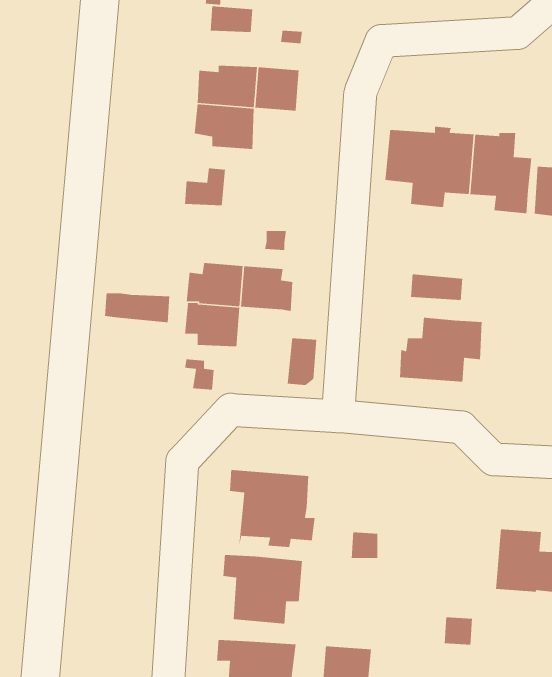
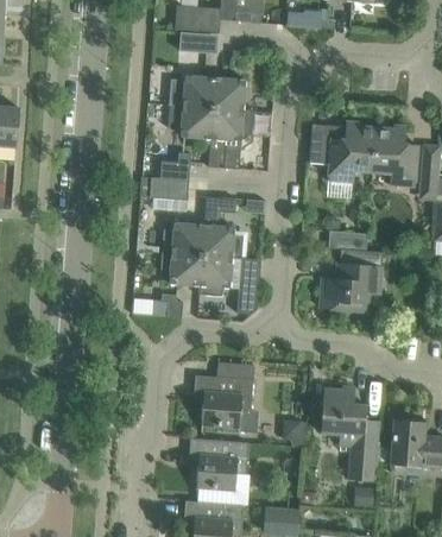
building: none -> [211,108,253,169]
building: [104,293,170,323] -> [140,178,189,201]
building: none -> [198,255,233,297]
building: none -> [320,386,380,480]

